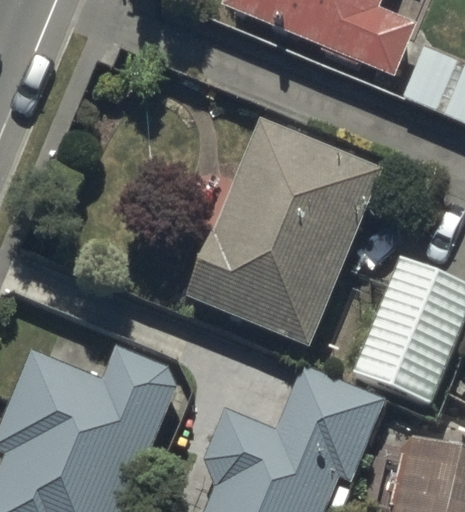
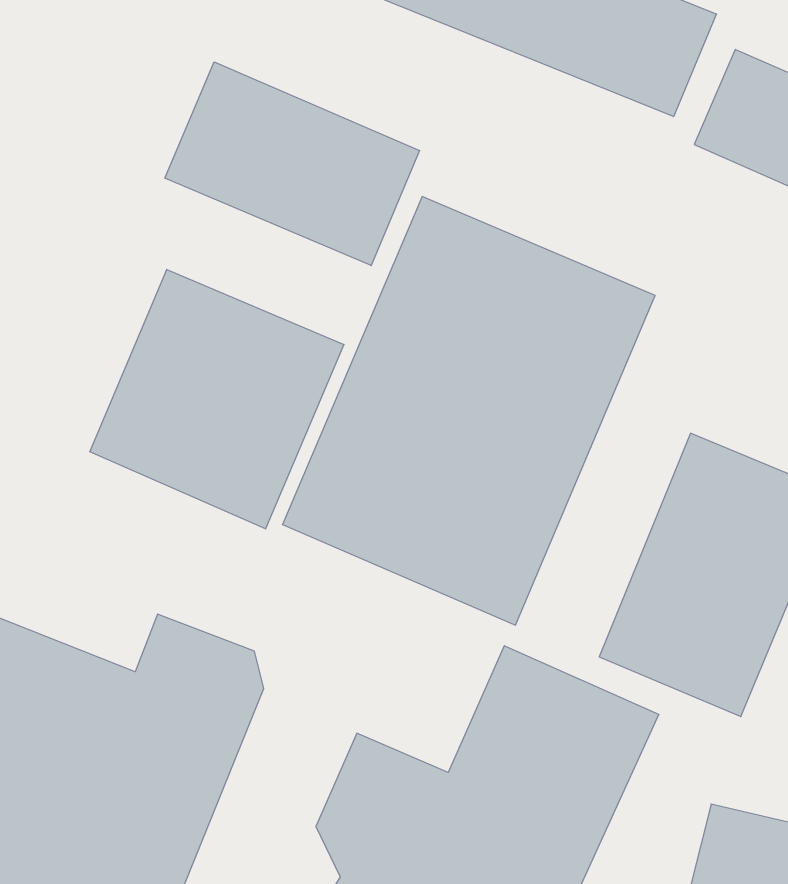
building: none -> [165,62,419,266]
building: none -> [90,269,344,529]

